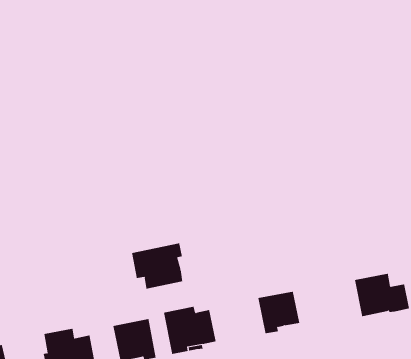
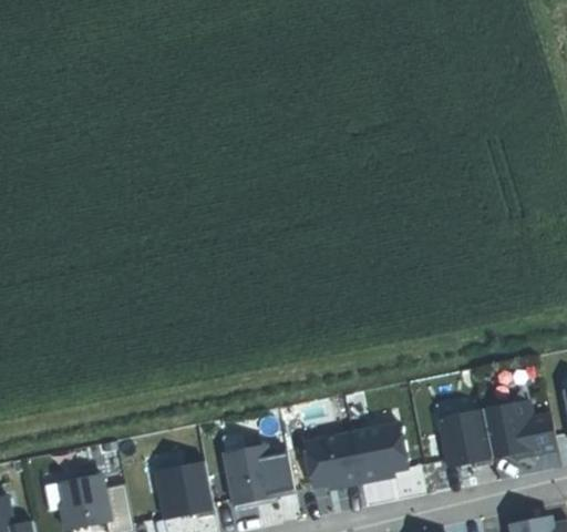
building: [131,242,183,289] -> none
building: none -> [435,409,491,468]
building: none -> [301,433,359,487]

